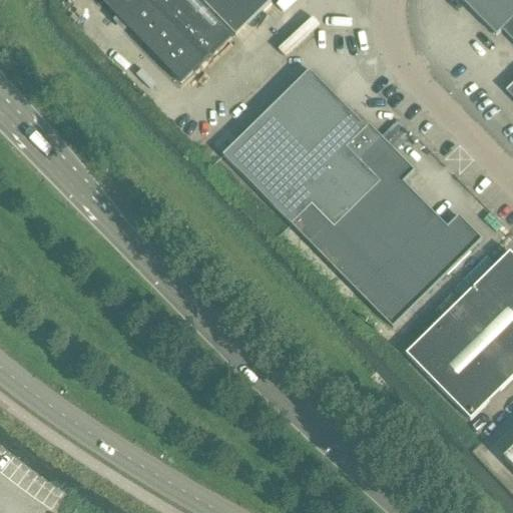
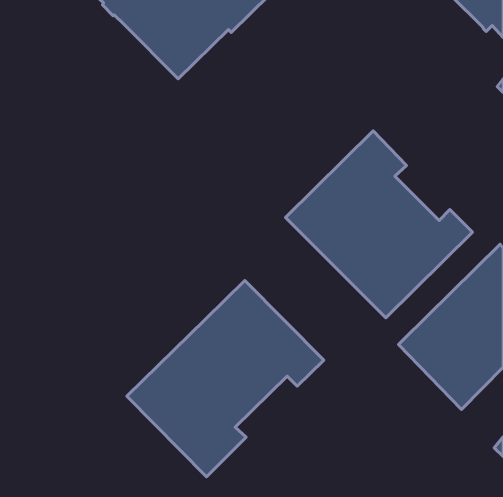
building: [222,67,380,221] -> none
building: none -> [127,281,324,477]

